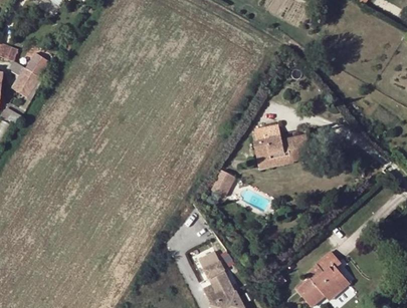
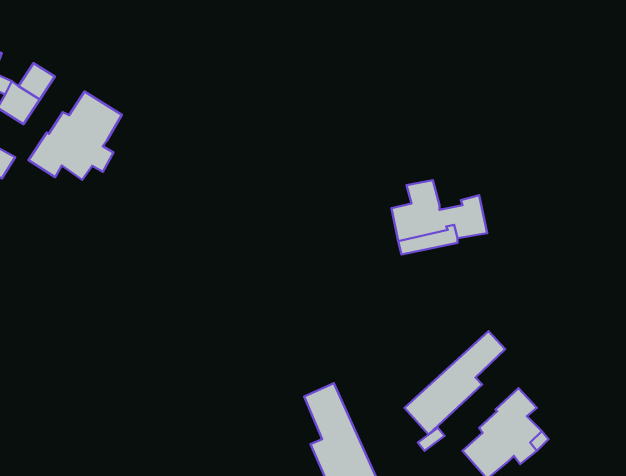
building: none -> [29,92,122,180]
building: [211,171,236,198] -> none
building: none -> [405,331,505,435]

